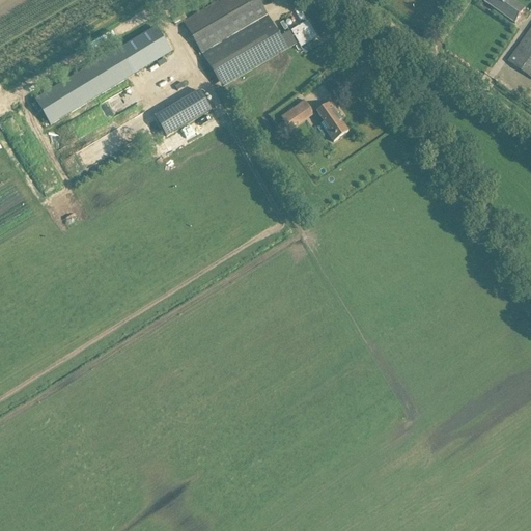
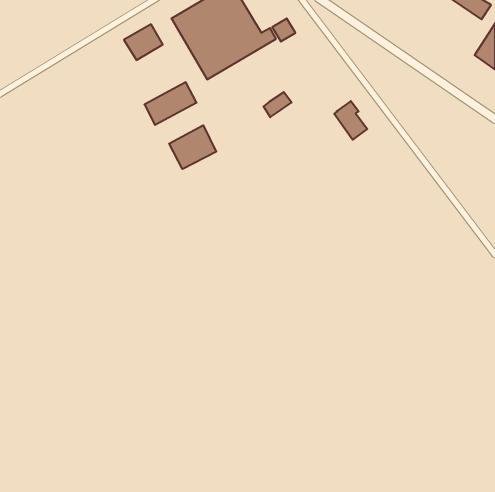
building: [34,47,135,122] -> none
building: [313,99,348,140] -> [334,101,367,140]
building: none -> [169,125,216,169]

